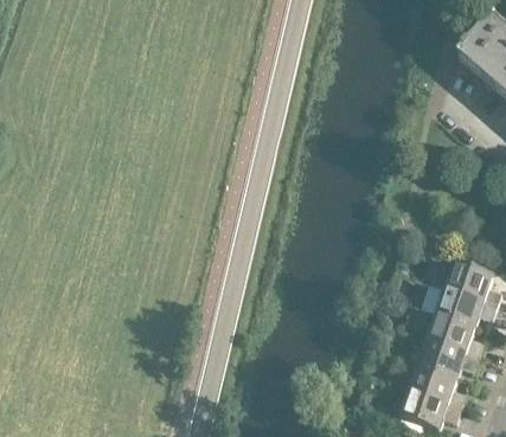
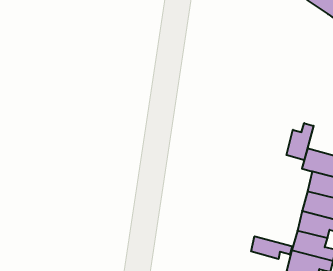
building: none -> [286,123,314,160]
building: none -> [251,236,292,259]

